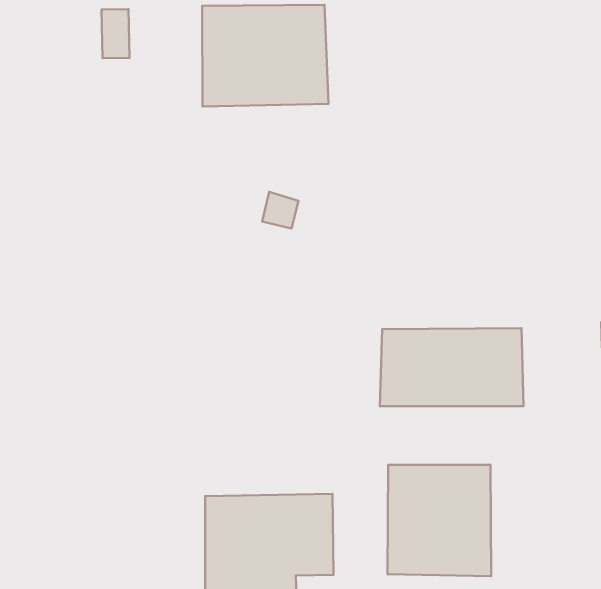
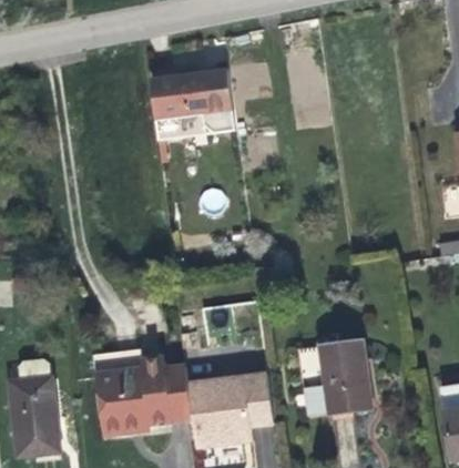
building: [380,328,524,406] -> none
building: none -> [92,347,193,431]

